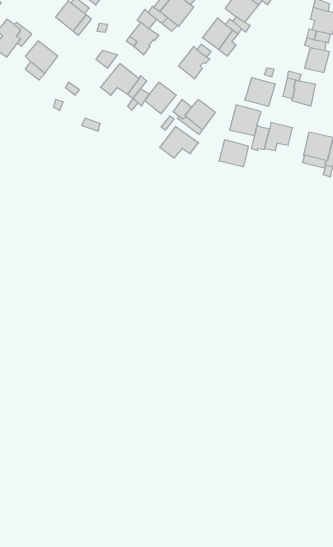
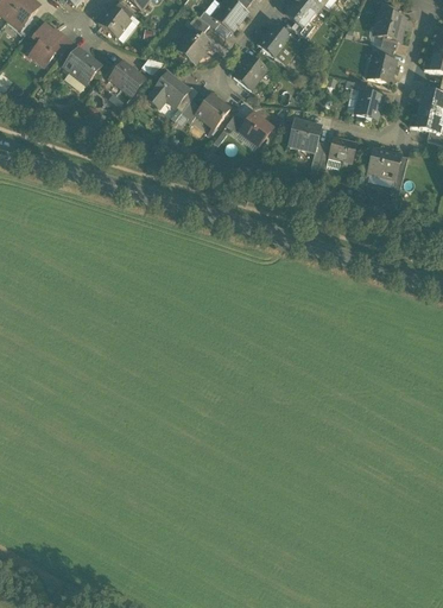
building: none -> [109,61,145,95]
building: [245,78,275,106] -> none
building: [160,126,199,158] -> none
building: [219,140,248,167] -> none

